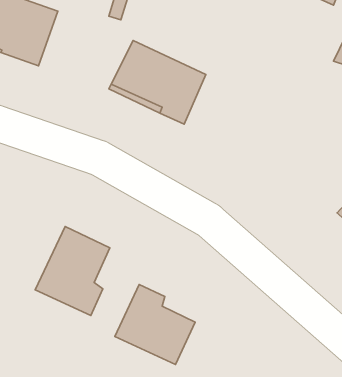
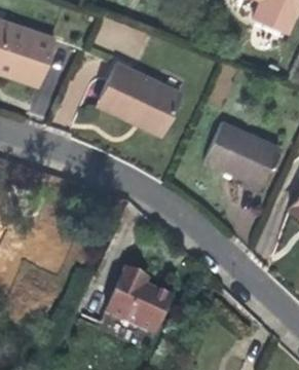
building: none -> [205,121,279,192]
building: [35,227,110,316] -> none

